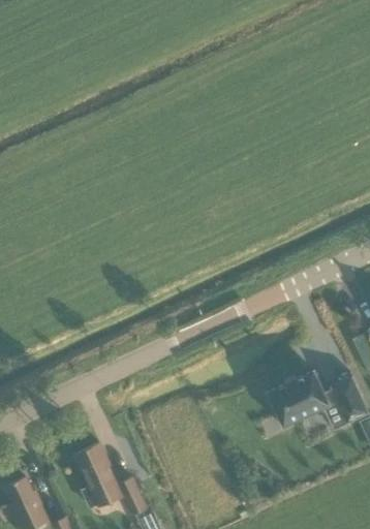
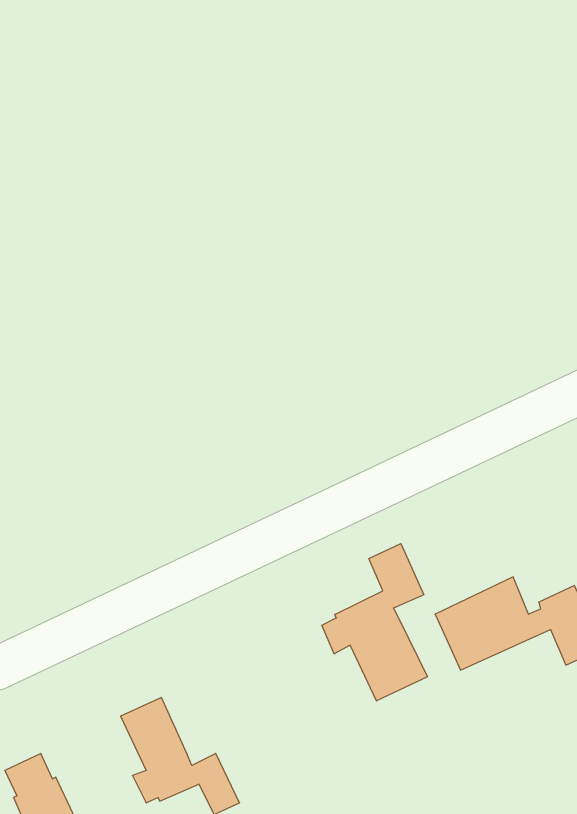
building: none -> [322,544,427,701]

